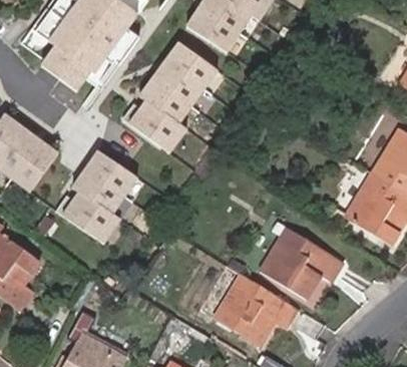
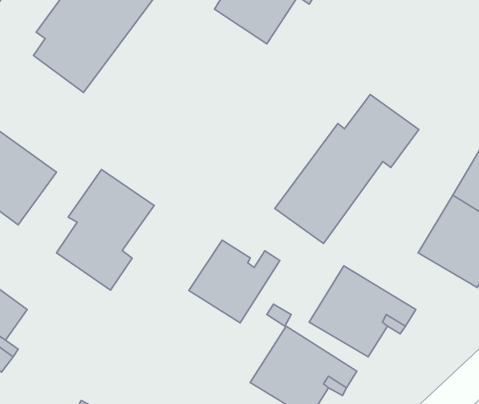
building: [129,43,220,154] -> none
building: none -> [275,95,419,244]
building: none -> [189,240,280,323]

